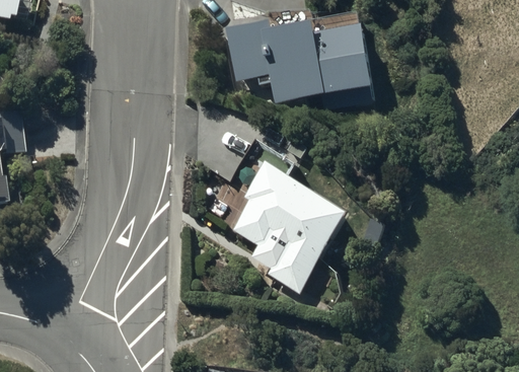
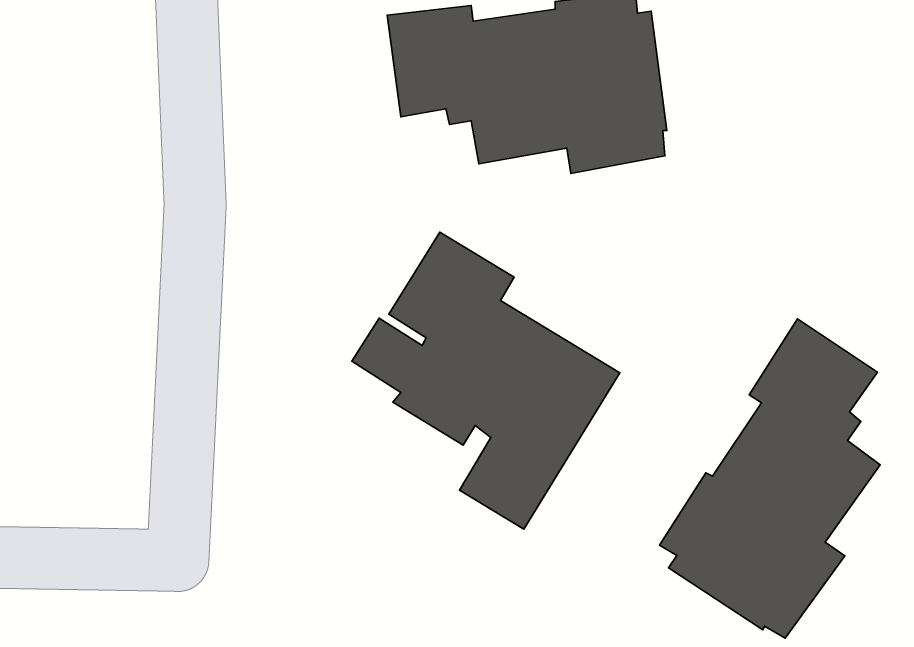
building: none -> [659,319,880,638]

